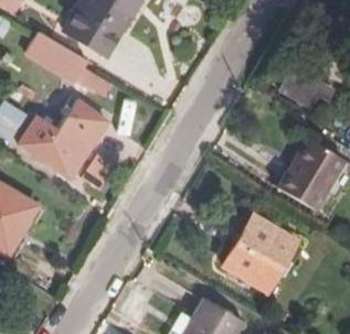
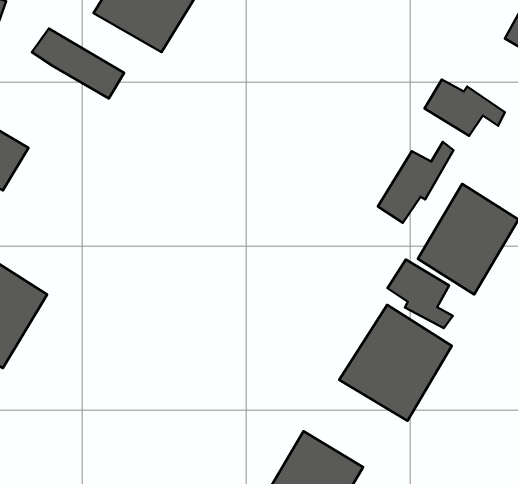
building: [21,104,109,179] -> none
building: none -> [378,142,453,223]
building: none -> [388,259,453,328]

